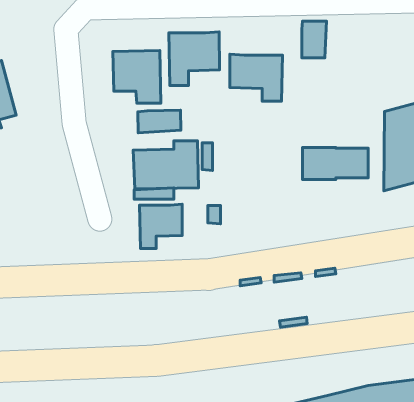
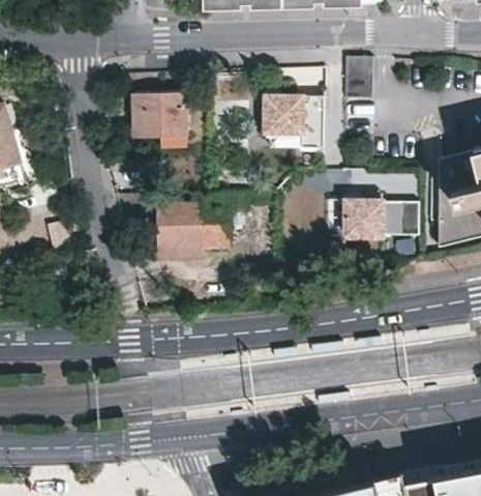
building: [169,32,220,85] -> none
building: [138,110,181,133] -> none
building: [140,204,182,248] -> none

